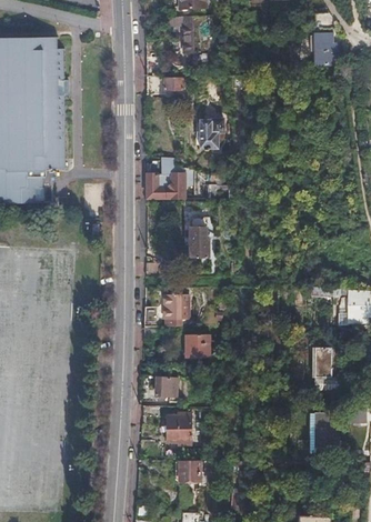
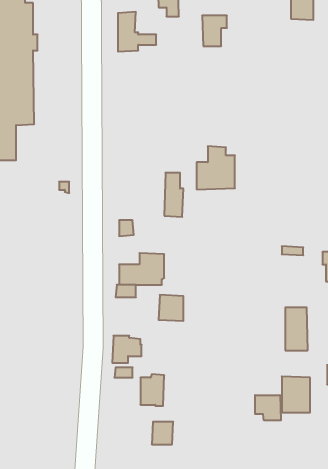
building: [200,118,224,148] -> [202,16,227,46]
building: [146,155,183,198] -> [197,146,235,189]
building: none -> [255,395,281,420]

